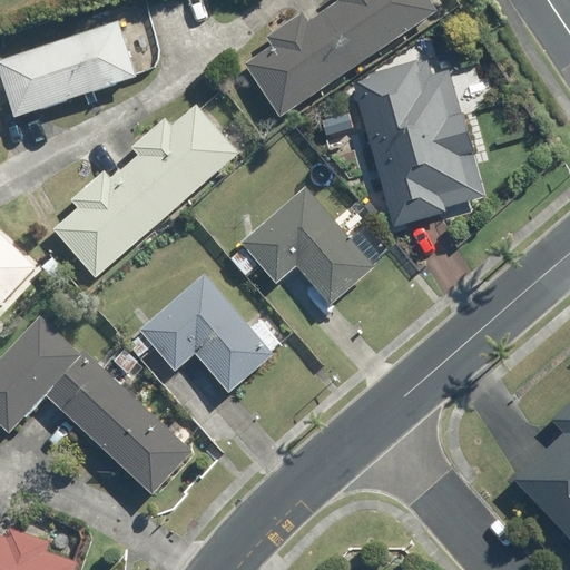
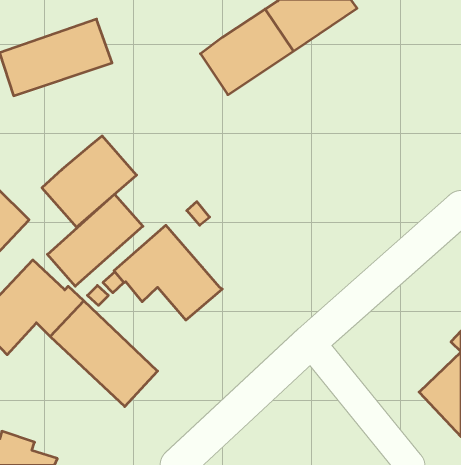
building: [354,63,483,220] -> none
building: [125,105,237,214] -> none
building: [242,187,371,303] -> none
building: none -> [47,194,143,286]

